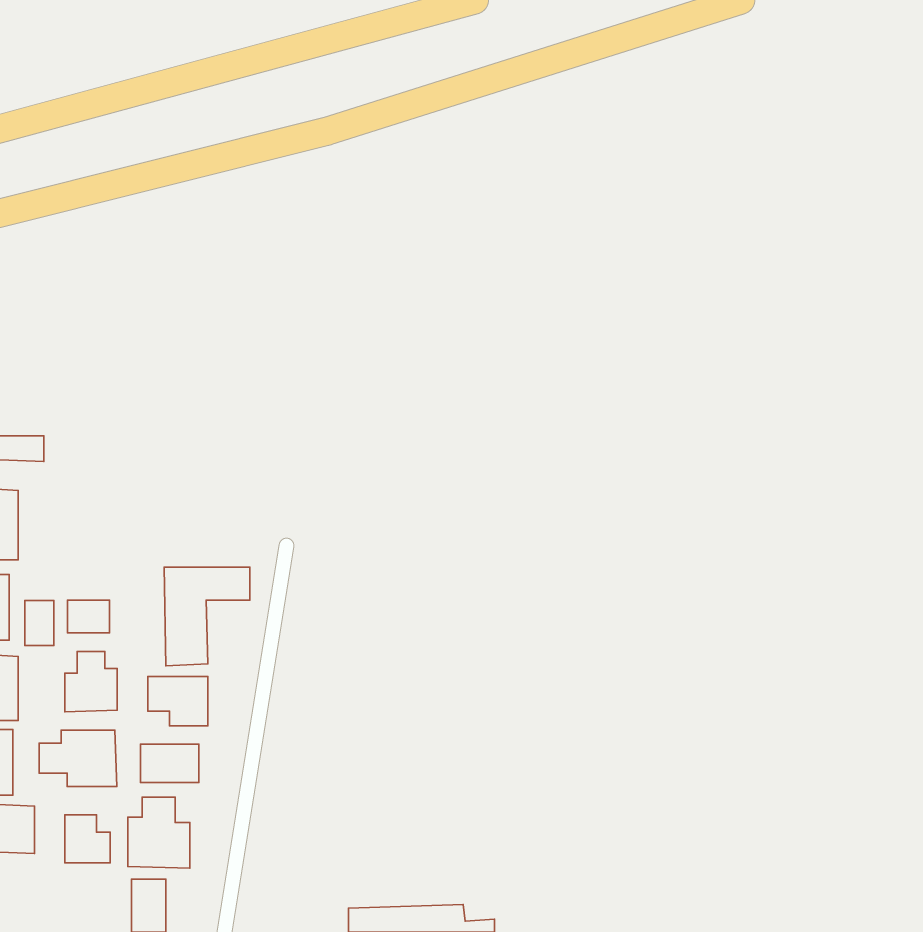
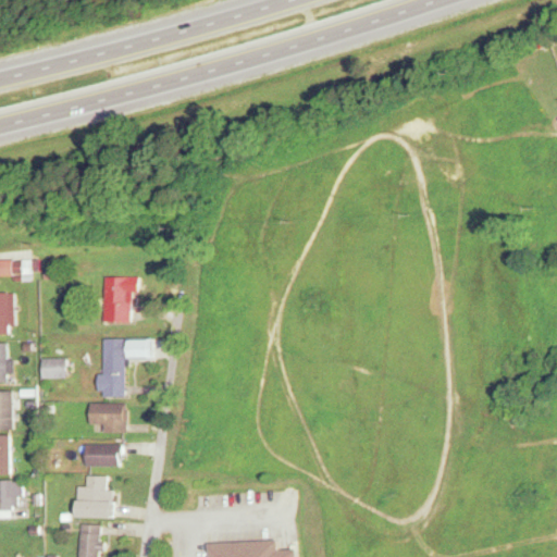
building: none -> [100,276,134,321]
building: [25,600,54,645] -> none
building: [65,651,117,712] -> none
building: [39,730,117,786] -> none
building: [65,815,110,863] -> none

